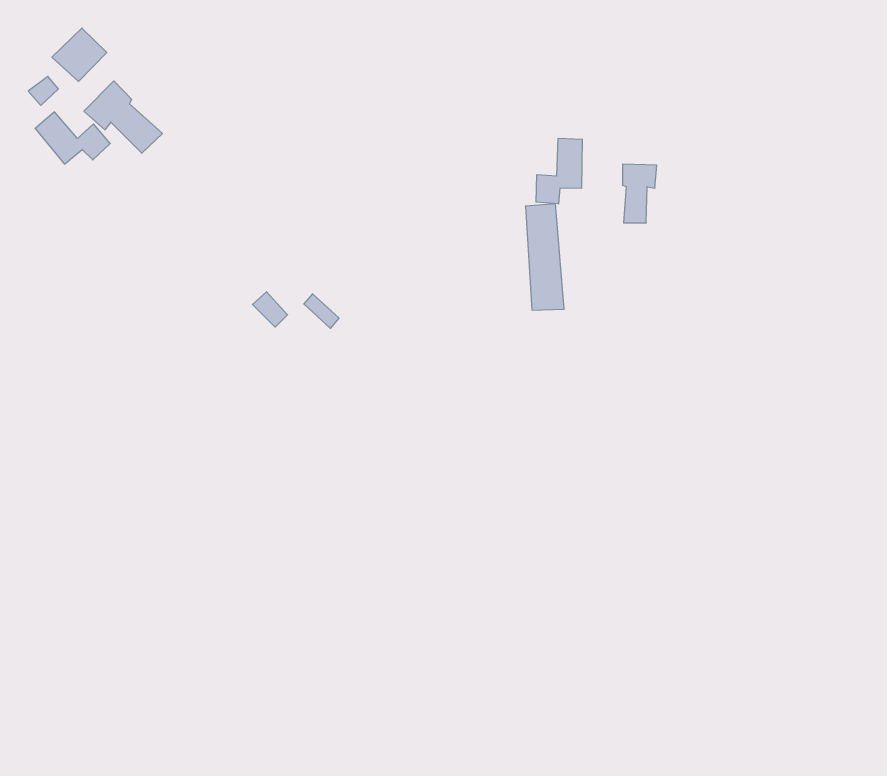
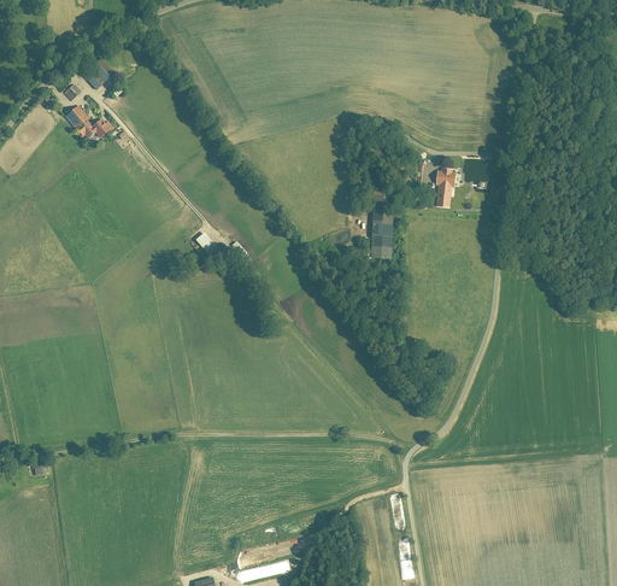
building: [84,81,162,153] -> none
building: [536,138,582,204] -> none

